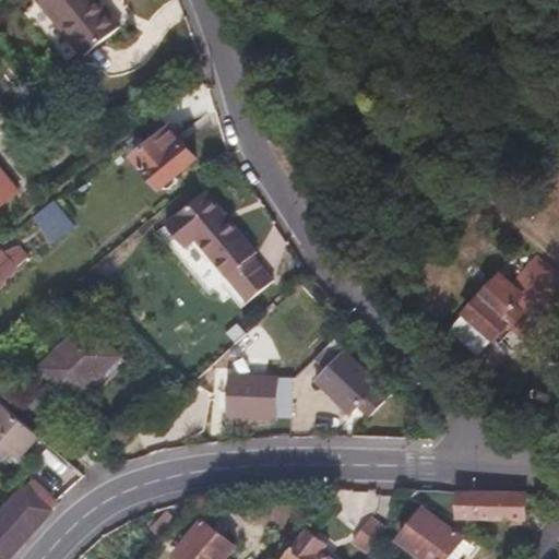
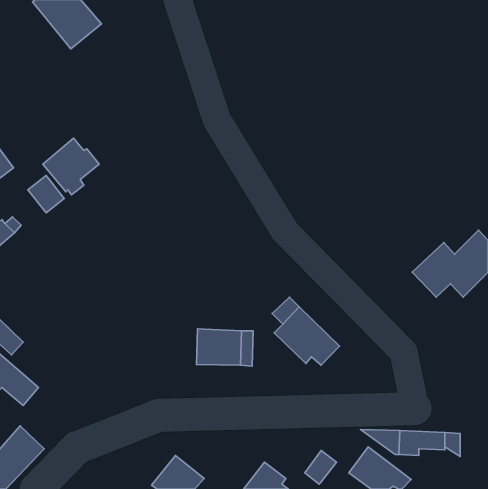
building: [131,130,195,194] -> [43,138,99,195]
building: [165,193,275,306] -> none
building: [41,324,118,401] -> none

